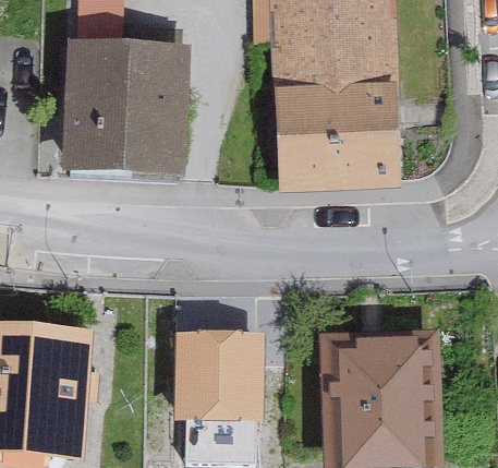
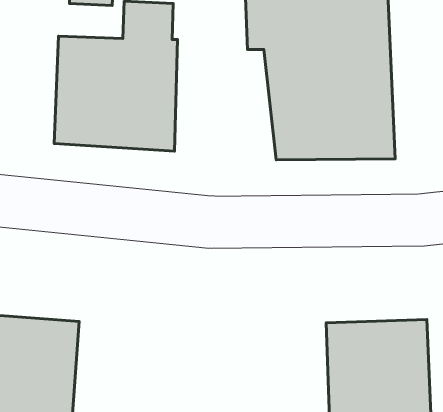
building: [174,337,262,420] -> none

